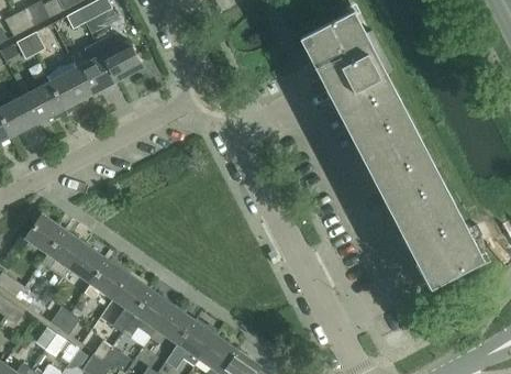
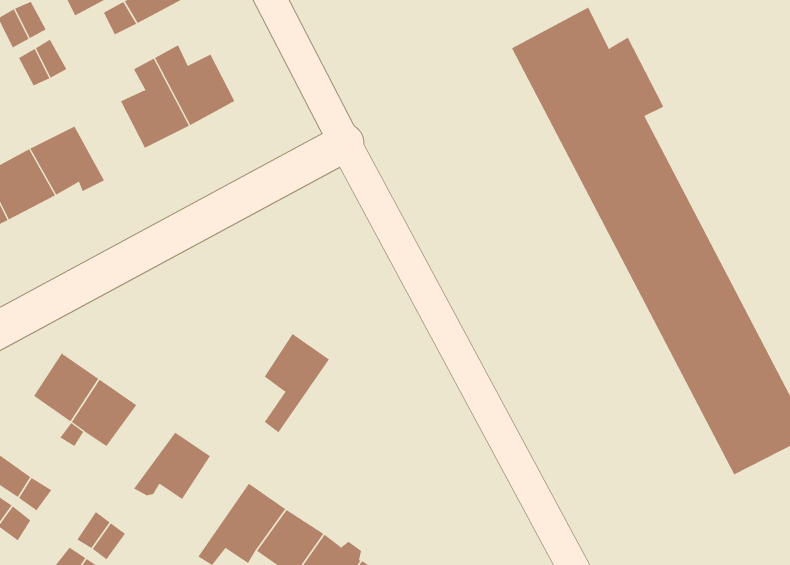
building: [46,62,90,113] -> none
building: [68,244,108,284] -> none
building: [112,274,151,332] -> [264,333,330,433]

